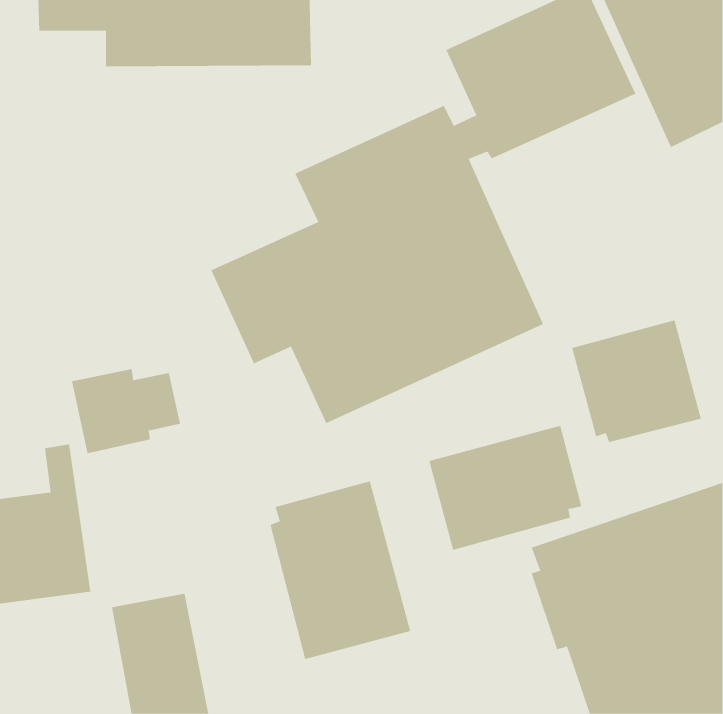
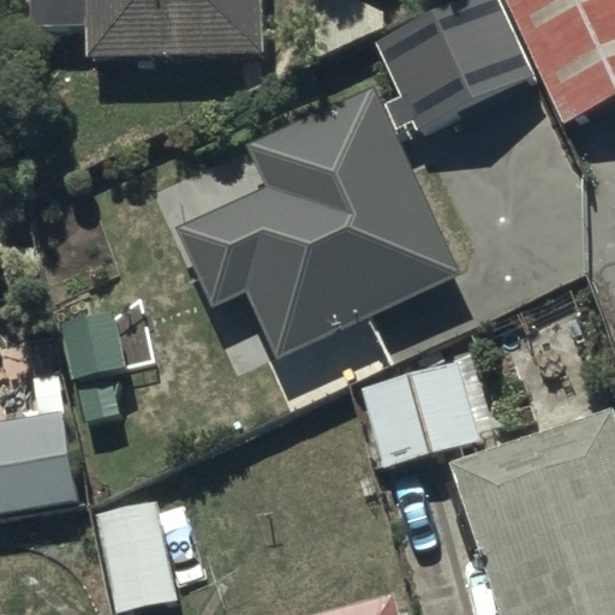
building: [571,320,702,443] -> none
building: [270,480,411,660] -> none

